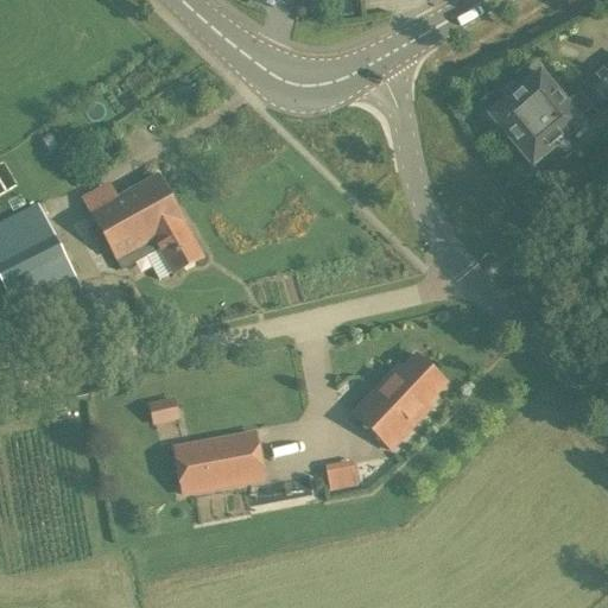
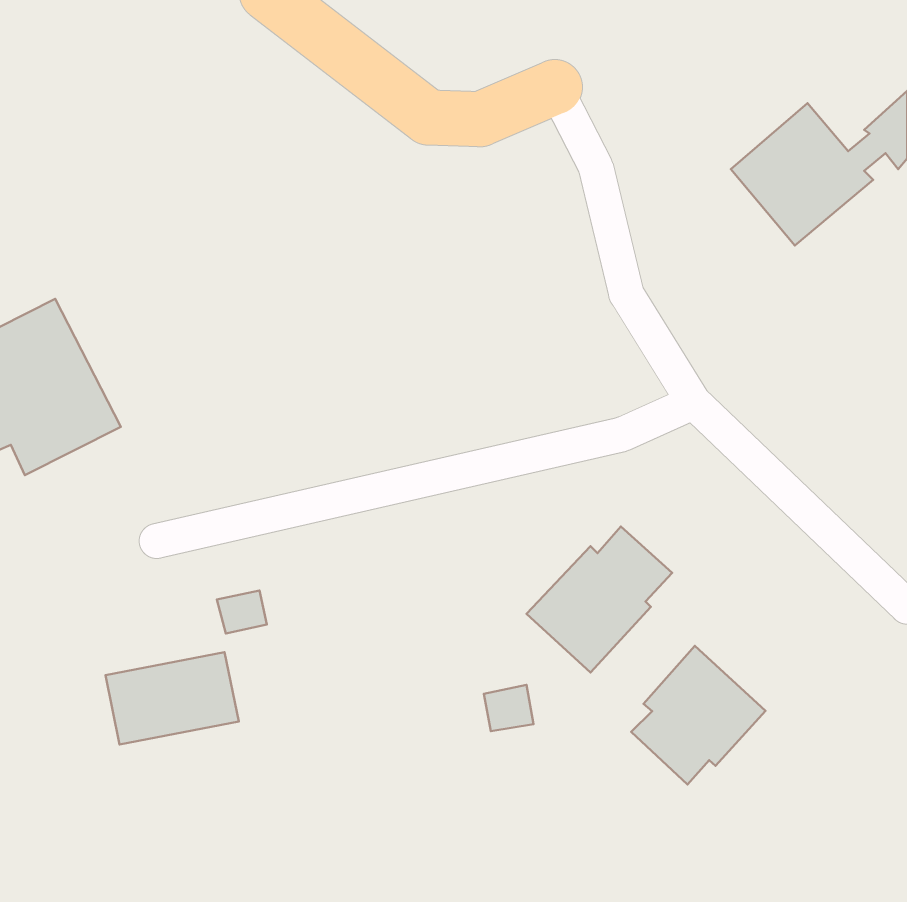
building: [91,173,203,277] -> none
building: [175,430,264,492] -> [105,652,239,745]
building: none -> [631,646,766,784]

